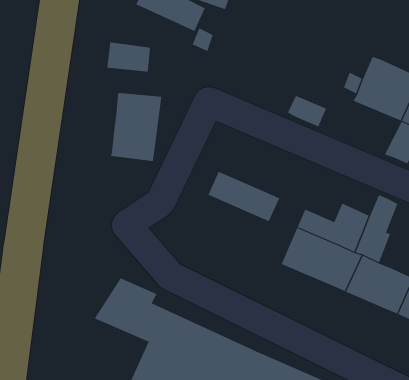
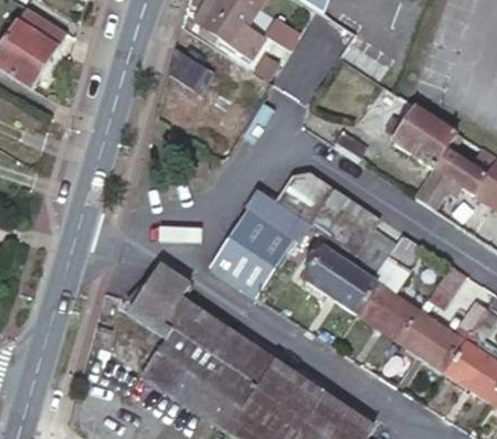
building: [110,92,162,162] -> none
building: none -> [277,173,378,250]
building: none -> [218,210,295,281]

